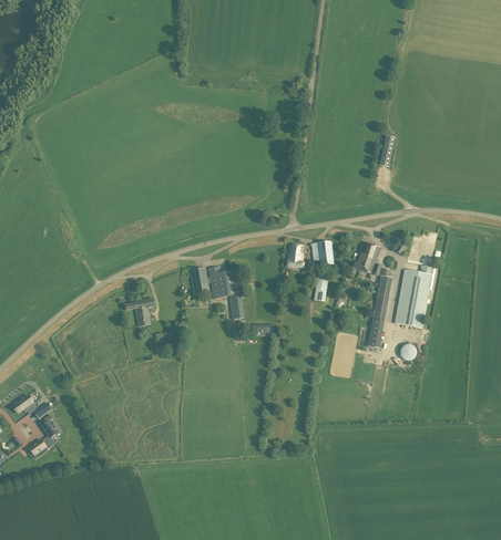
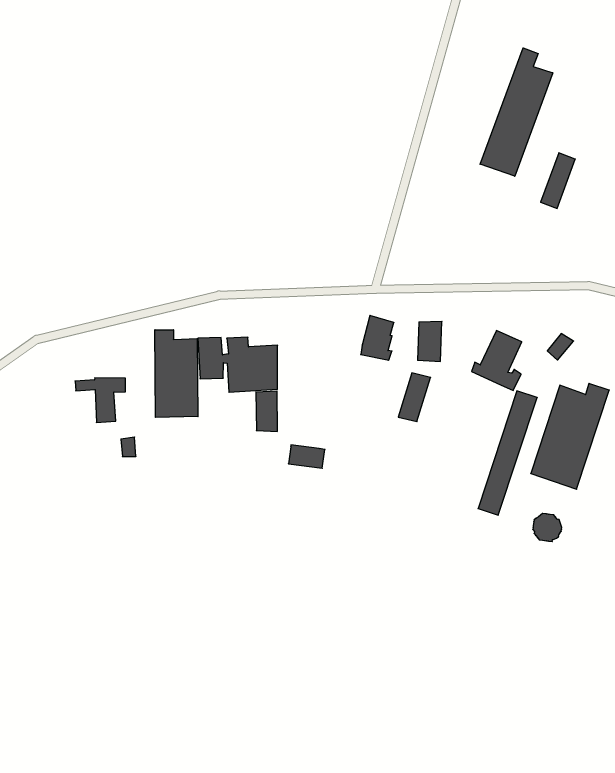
building: none -> [480,48,553,176]
building: none -> [155,330,198,417]

